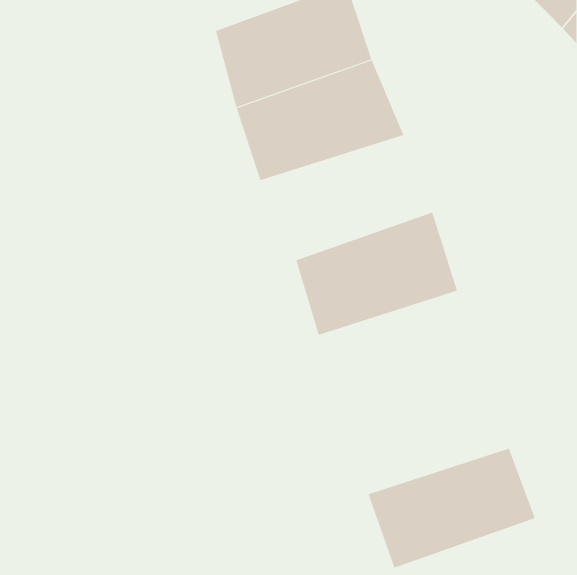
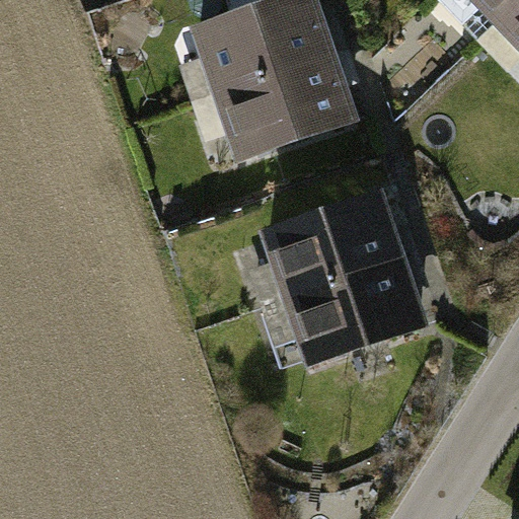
building: none -> [282,257,427,366]
building: [368,448,535,568] -> none

